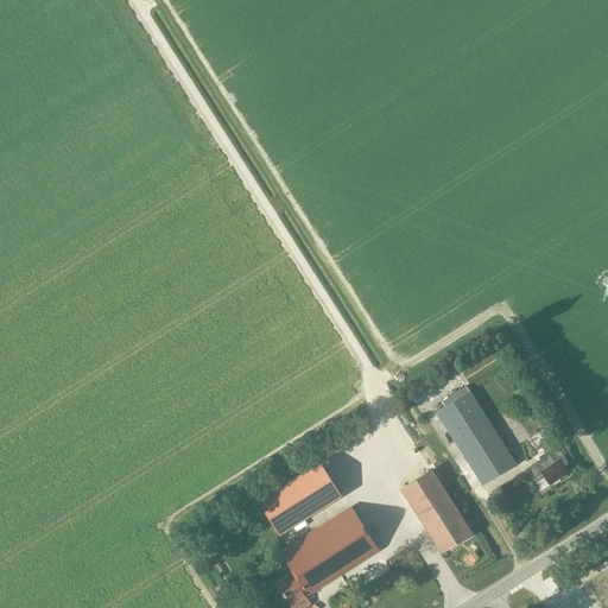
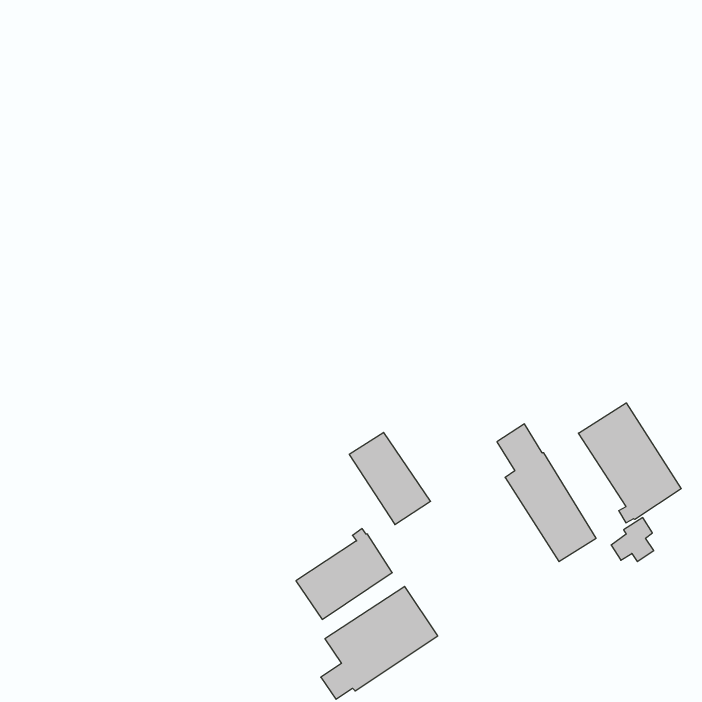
building: none -> [578,403,681,523]
building: [401,470,471,550] -> [349,432,431,525]

